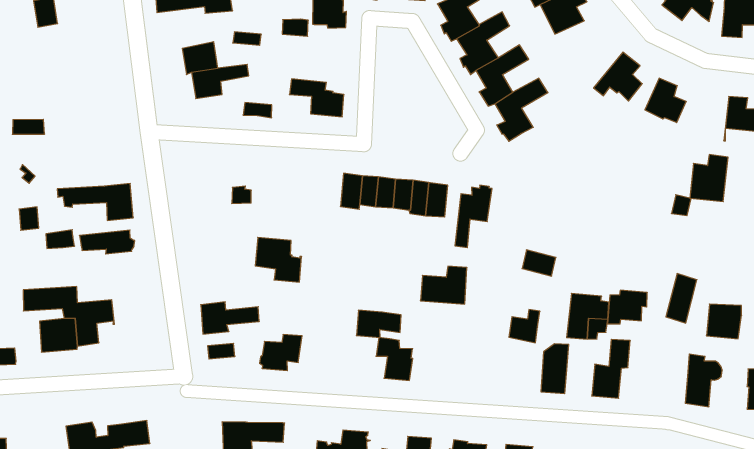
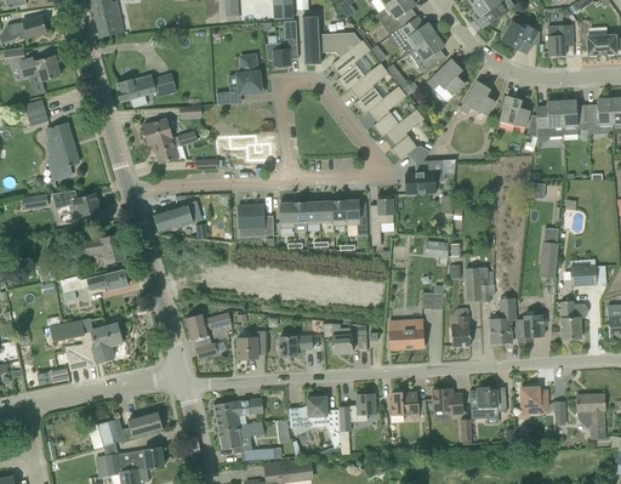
building: none -> [427,58,465,96]
building: none -> [46,123,79,181]
building: none -> [52,190,101,220]
building: none -> [405,146,444,194]
building: [690,155,728,202] -> [536,102,563,137]
building: none -> [154,203,193,232]
building: [255,237,302,282] -> [238,204,274,235]
building: [420,266,467,304] -> [389,319,425,349]
building: [607,290,647,324] -> [517,314,546,342]
building: [356,310,401,337] -> [279,336,313,357]

